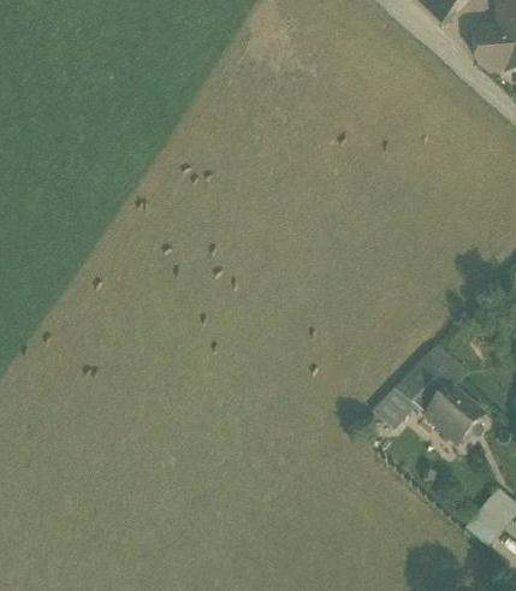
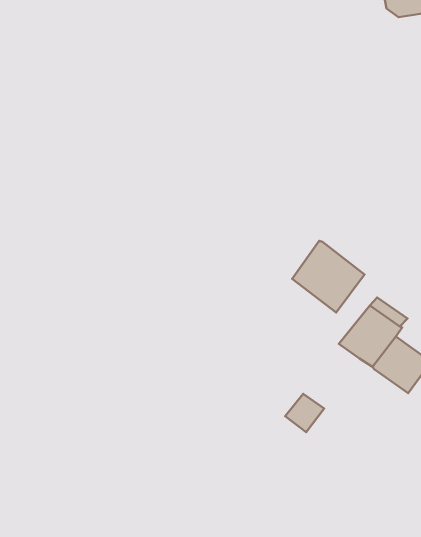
building: none -> [292,241,365,313]
building: [374,386,414,425] -> [285,394,324,432]

